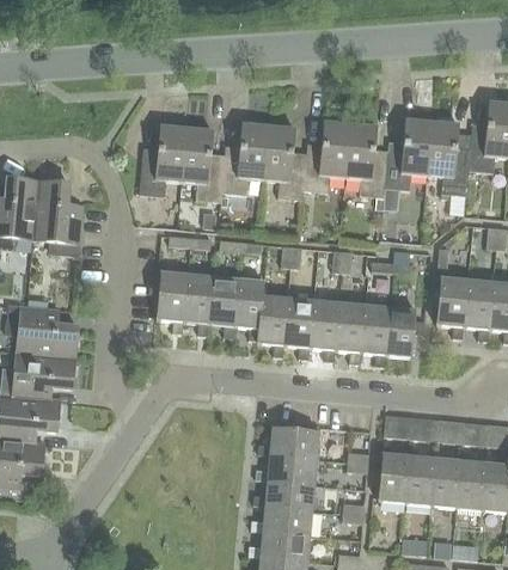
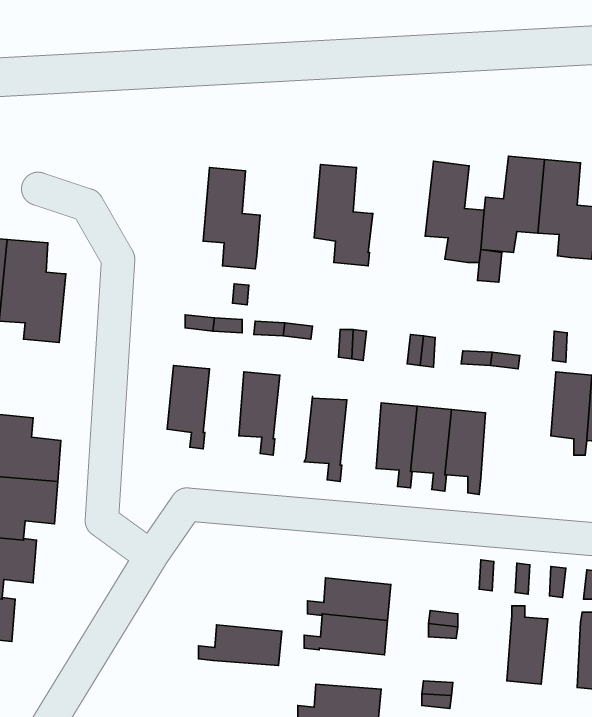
building: [302,119,350,191] -> none
building: [221,122,268,194] -> none
building: [139,124,186,195] -> none
building: [182,274,212,335] -> none
building: [233,278,263,339] -> none
building: [282,296,312,358] -> none
building: [385,306,424,356] -> none
building: [378,445,408,502] -> none
building: [429,449,458,507] -> none
building: [253,478,314,508] -> [198,625,282,666]

